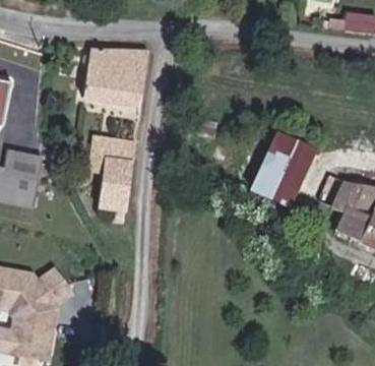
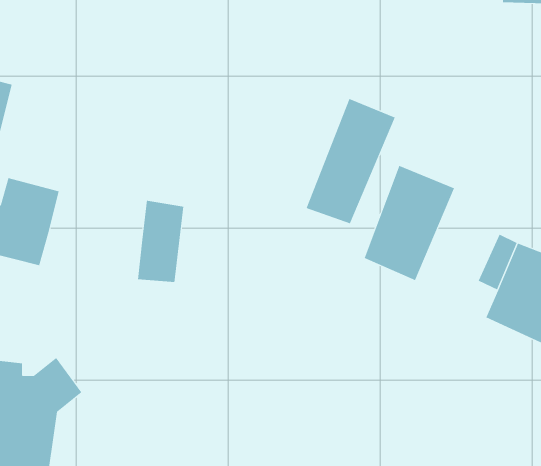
building: [87,49,146,112] -> none
building: none -> [306,98,396,224]
building: [89,140,135,187] -> none

